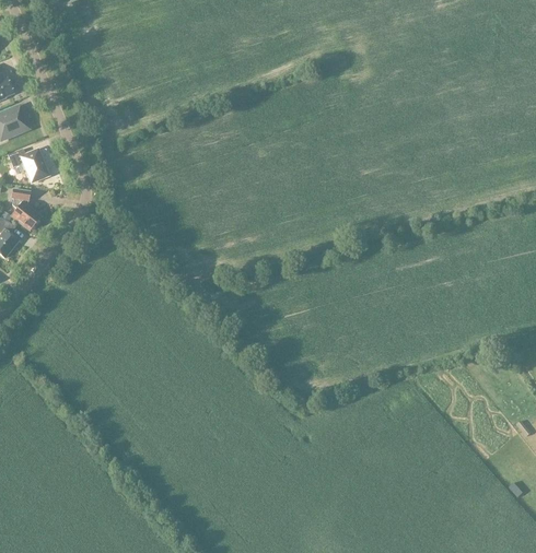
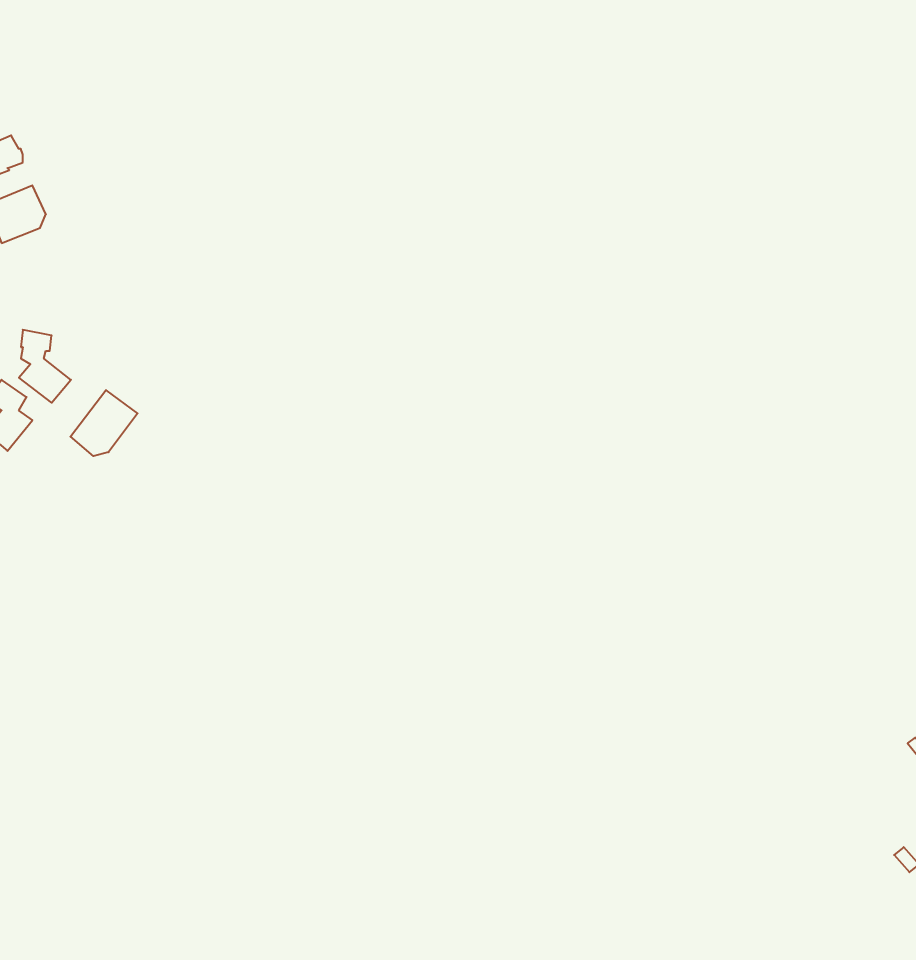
building: [9,148,49,181] -> none
building: none -> [70,390,138,456]

